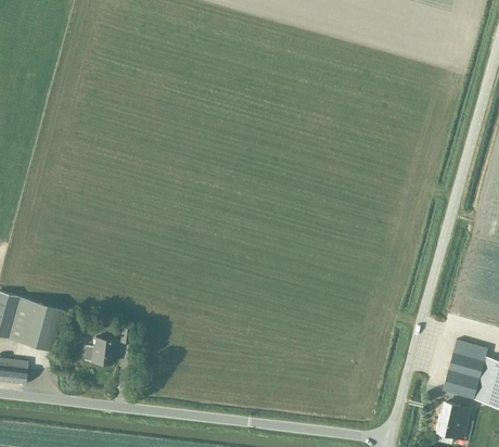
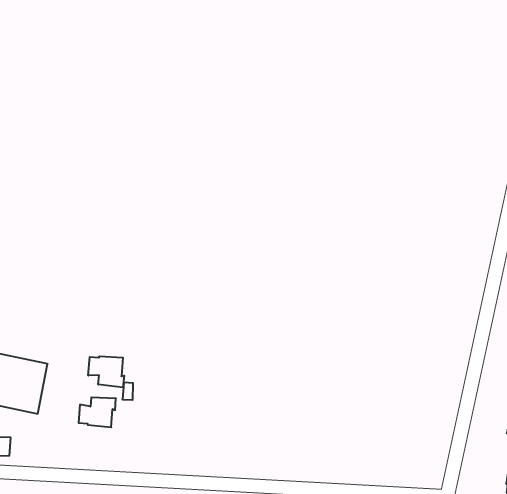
building: none -> [88,356,124,387]

